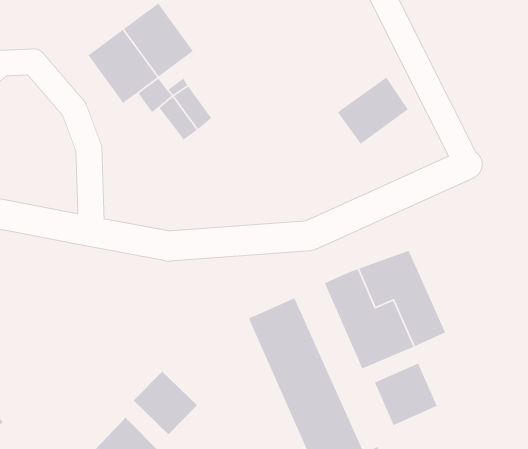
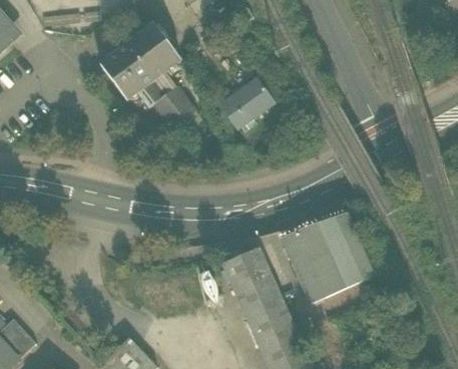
building: [337,77,409,145] -> [218,77,274,129]
building: [374,362,438,426] -> none
building: [133,371,198,435] -> none

